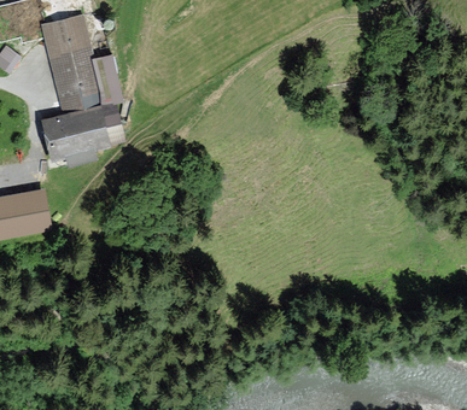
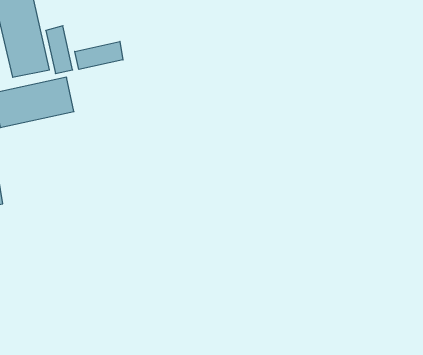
building: none -> [75,41,123,69]

